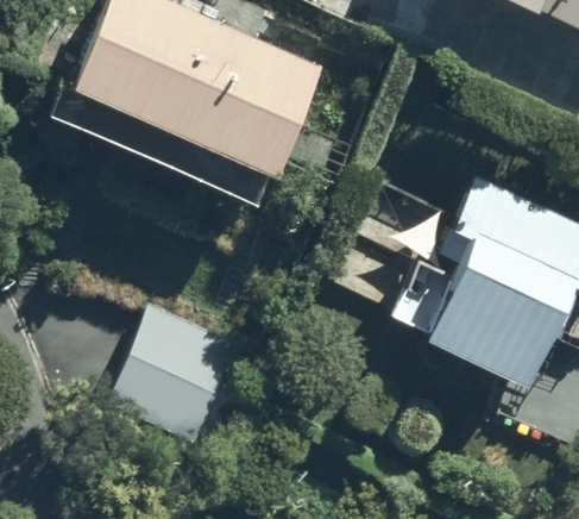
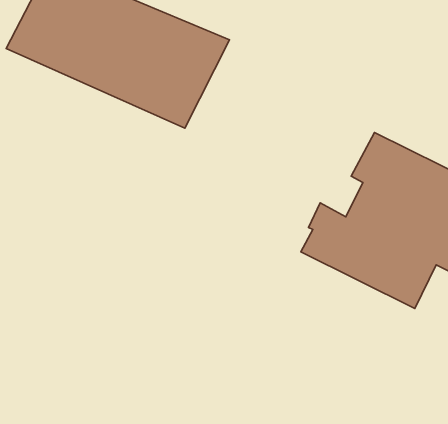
building: [113,312,246,445] -> none

